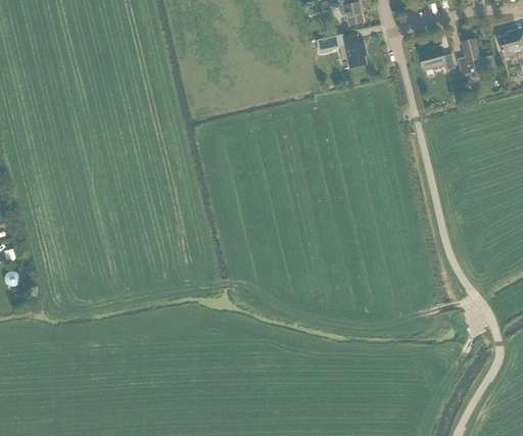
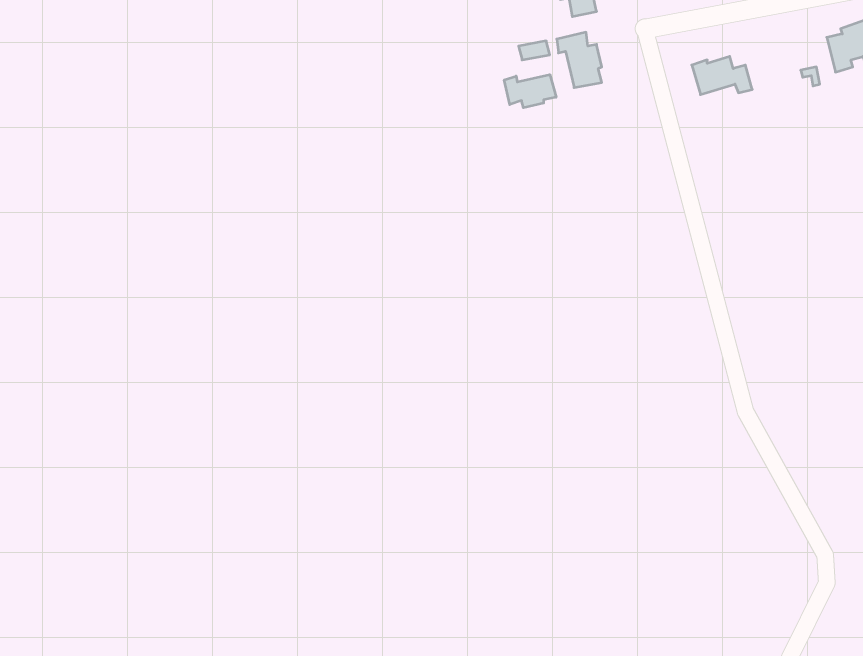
building: [457,38,479,75] -> none
building: none -> [504,75,556,108]

